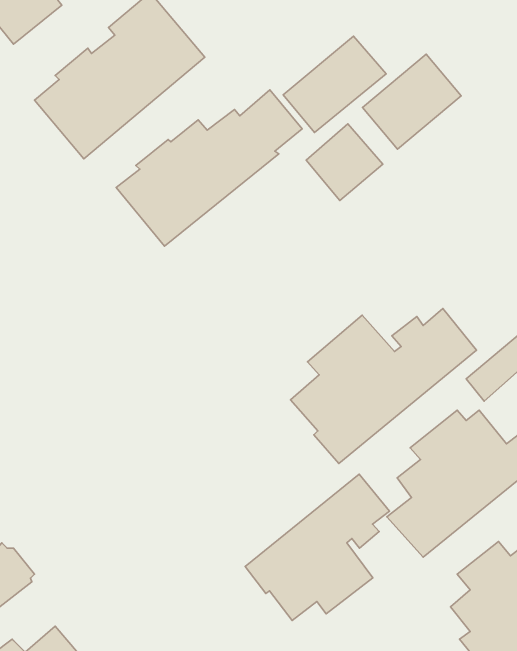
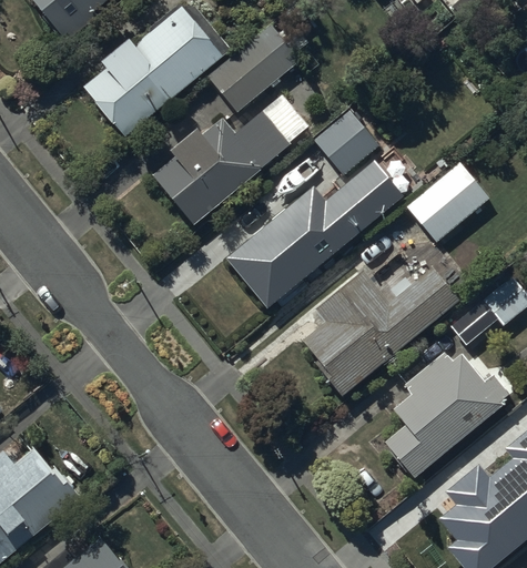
building: [283,36,386,133] -> [210,21,297,103]
building: [362,54,461,149] -> [405,160,489,241]
building: none -> [224,166,397,310]
building: [245,474,389,620] -> none

